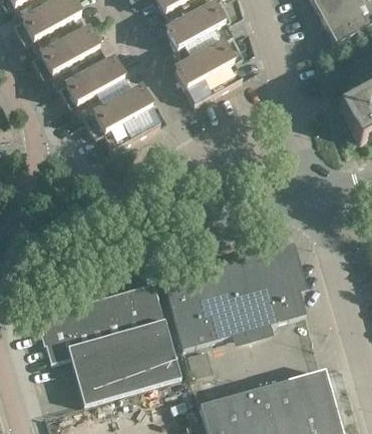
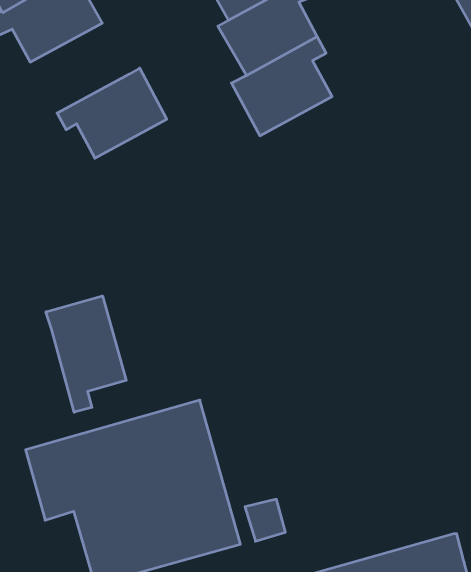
building: [31,30,106,90] -> none
building: [83,89,159,149] -> none
building: none -> [46,296,126,412]
building: [162,244,306,349] -> none

